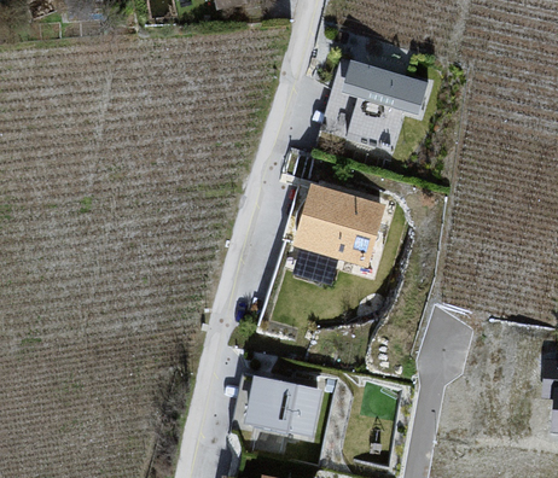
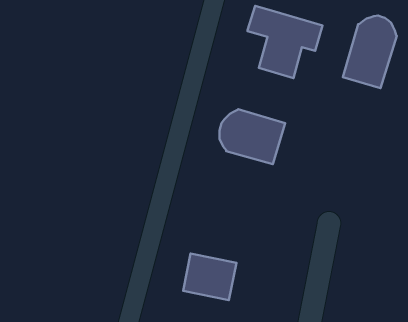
building: none -> [343,16,397,88]

